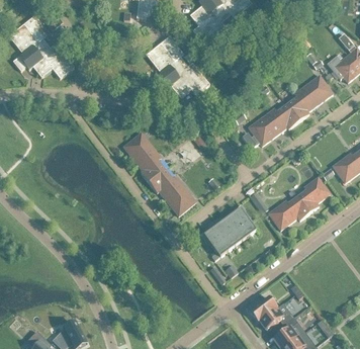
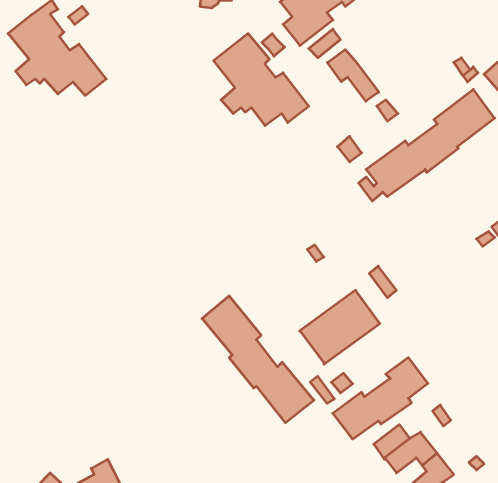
building: none -> [327,50,379,101]
building: [122,130,197,215] -> [202,296,314,423]
building: [267,175,331,230] -> [333,358,428,439]

